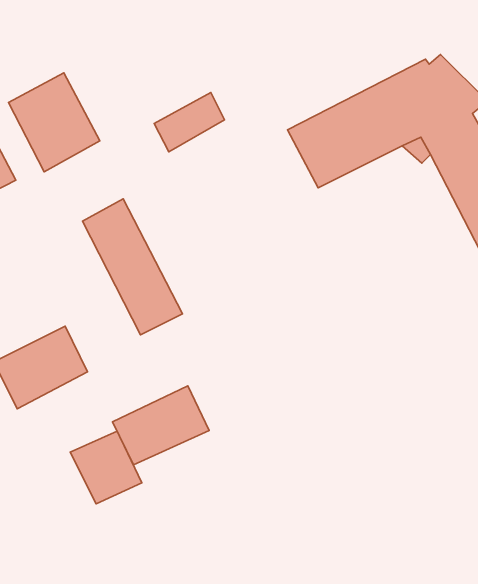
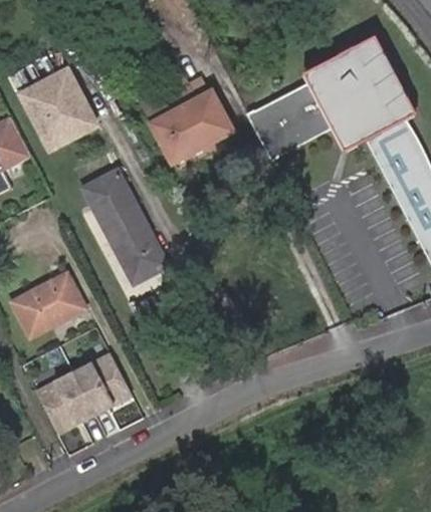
building: none -> [153,95,233,168]
building: [112,386,209,465] -> none
building: none -> [36,372,93,433]

